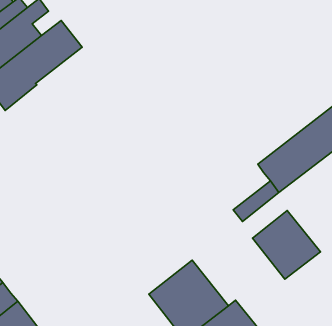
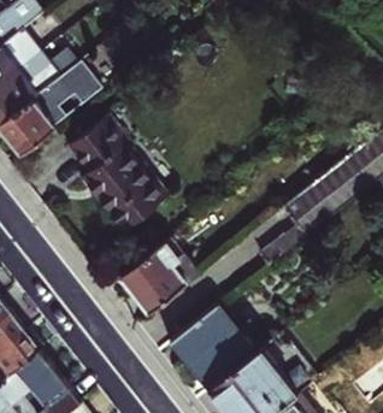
building: none -> [67,113,165,229]
building: none -> [119,237,199,313]
building: [253,211,321,279] -> none

